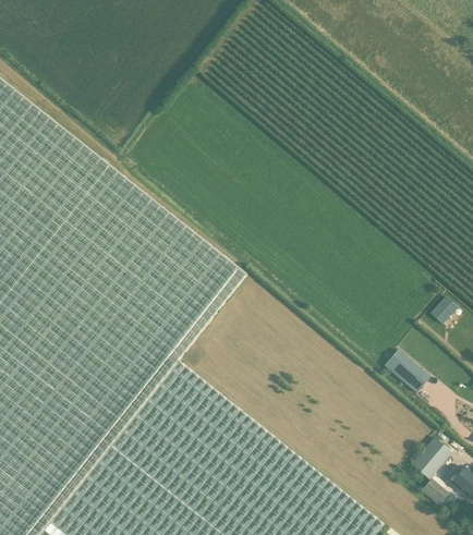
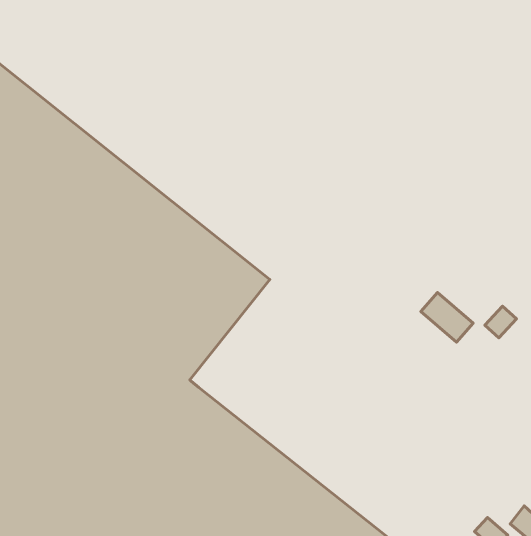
building: [385,351,429,393] -> [421,293,473,342]
building: [411,438,452,481] -> none

